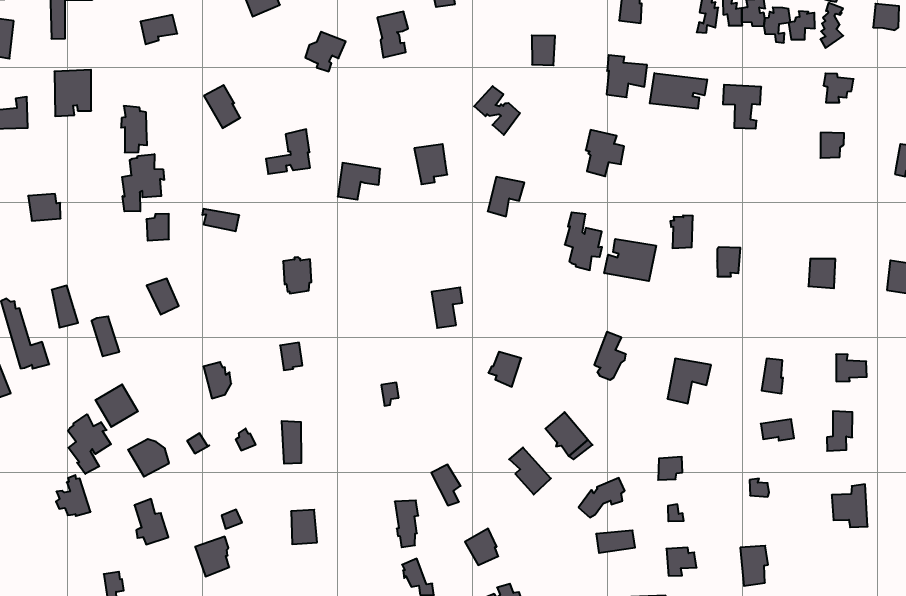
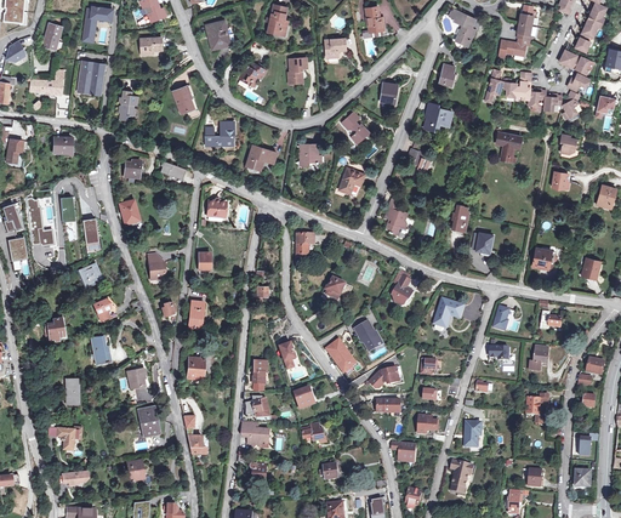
building: [650,73,707,109] -> none
building: [122,154,164,211] -> none
building: [604,239,656,281] -> none
building: [68,414,111,474] -> none

